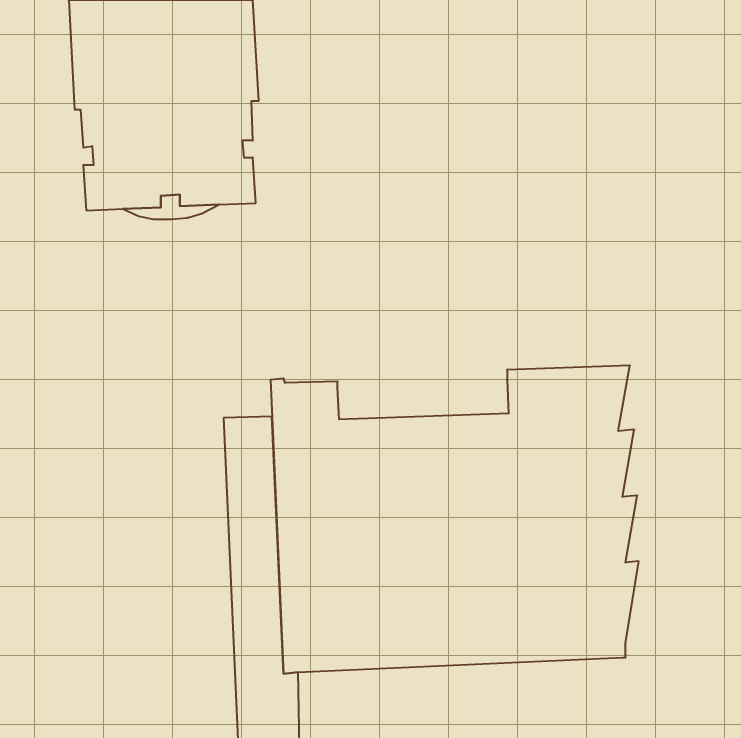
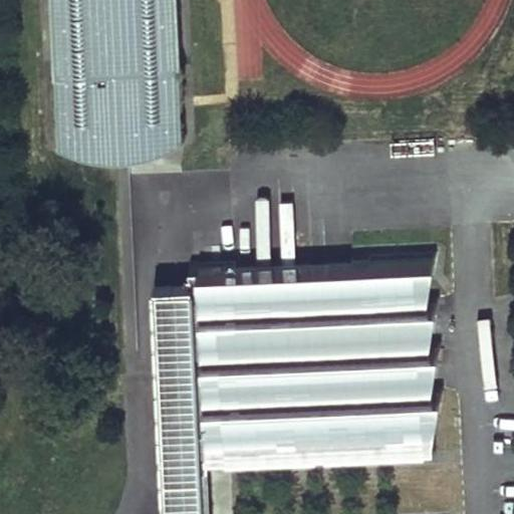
building: none -> [232,267,349,294]

